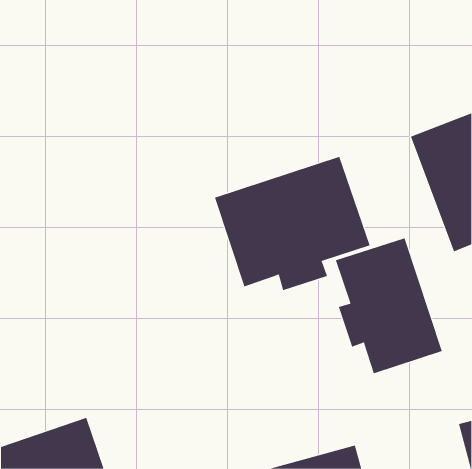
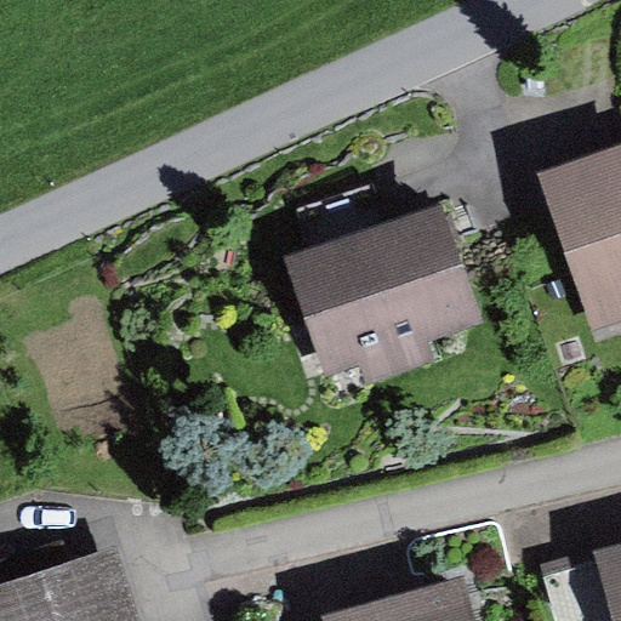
building: [335,238,442,374] -> none

